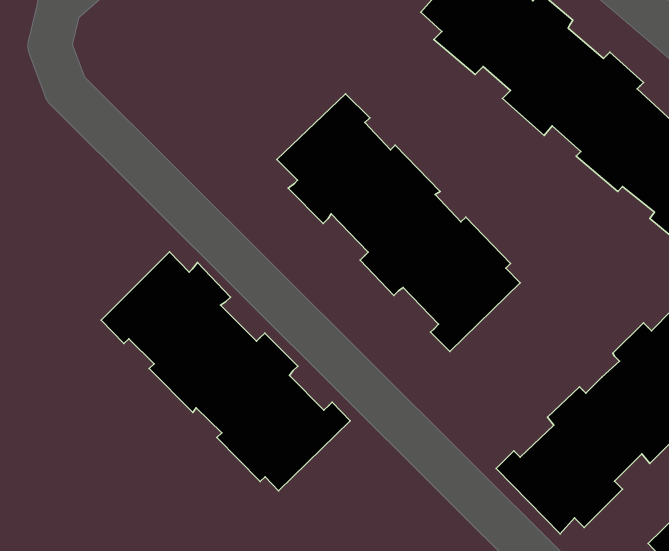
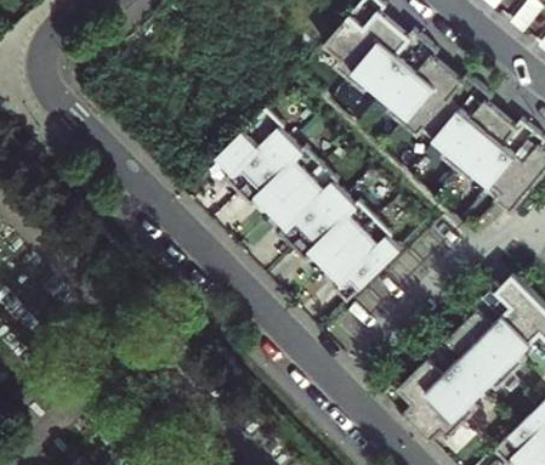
building: [101,252,350,491] -> none

